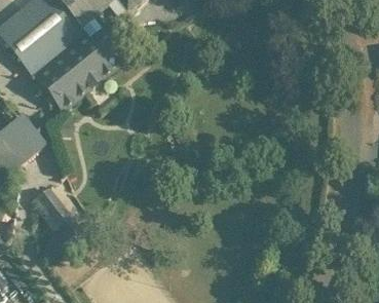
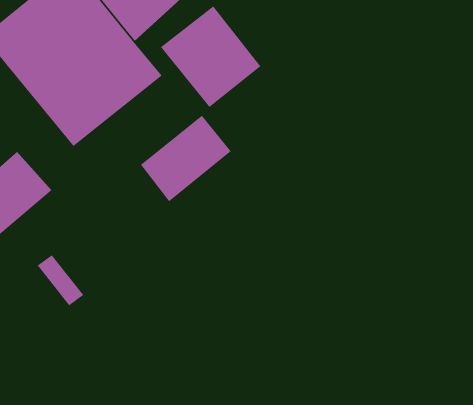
building: none -> [160,6,261,108]
building: none -> [140,115,232,202]

